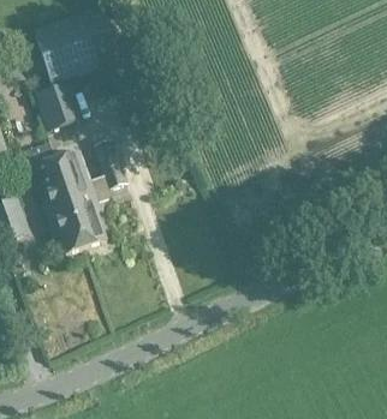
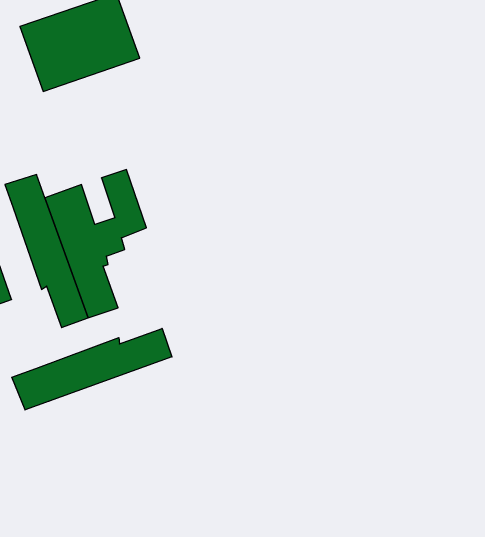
building: [34,84,75,131] -> none
building: none -> [12,328,172,410]

